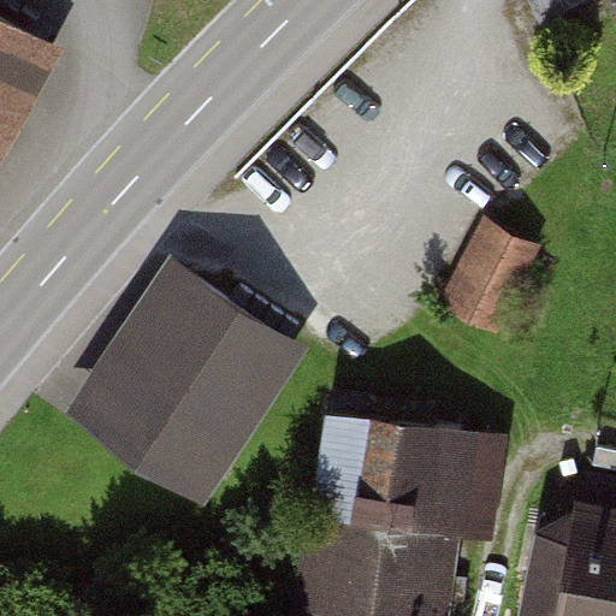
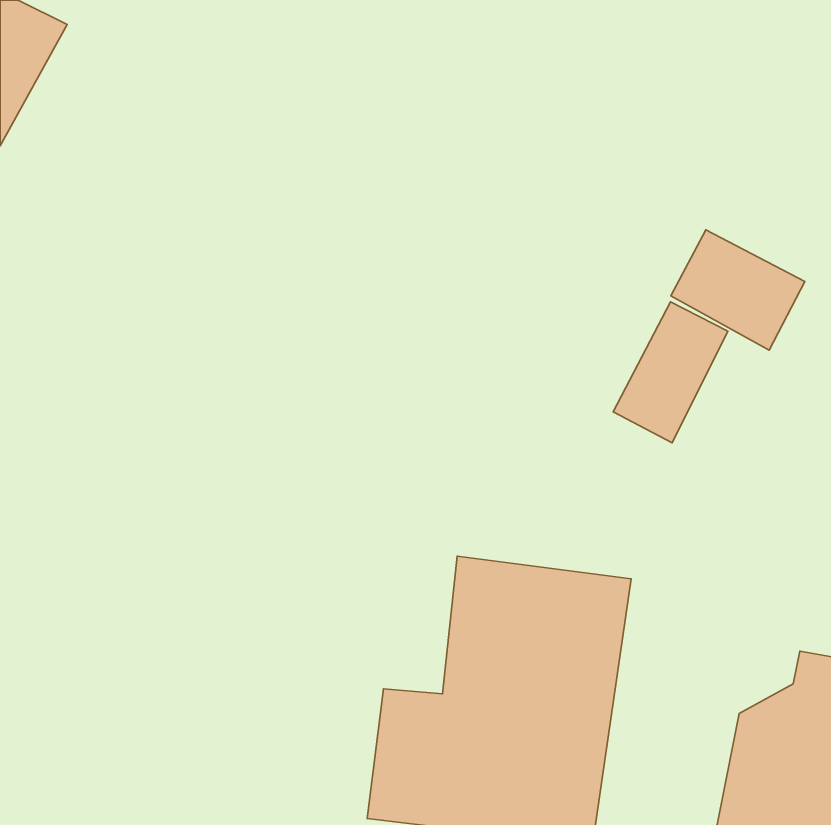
building: none -> [671,230,805,350]
building: [90,273,297,490] -> none

